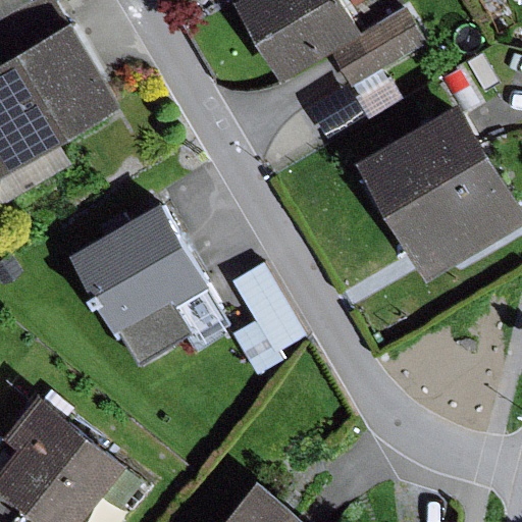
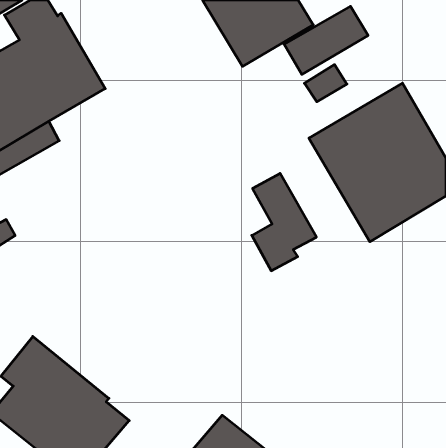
building: [67,204,226,365] -> none
building: [228,265,303,377] -> [252,173,316,271]

